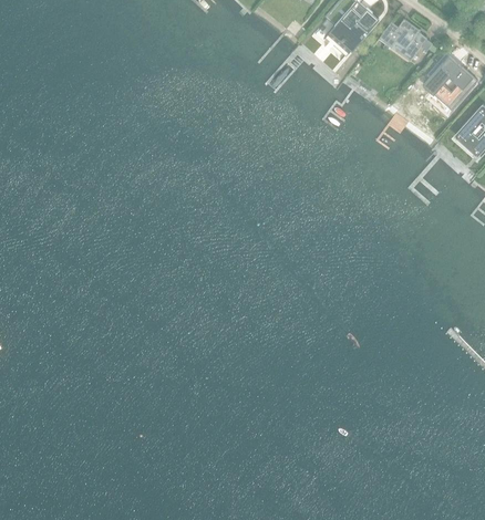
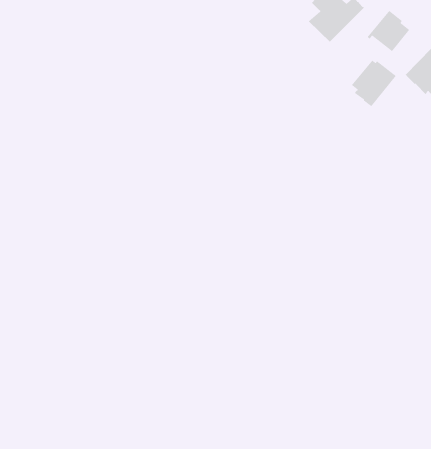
building: none -> [351,59,397,107]

